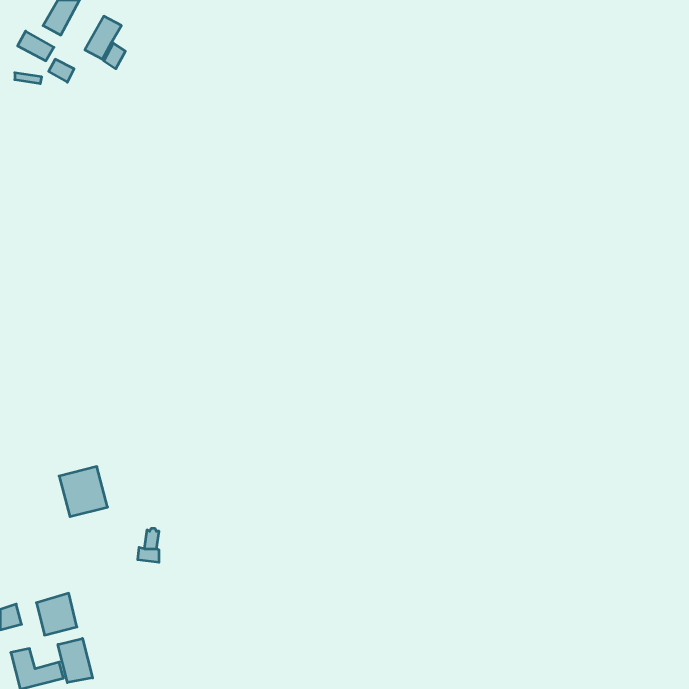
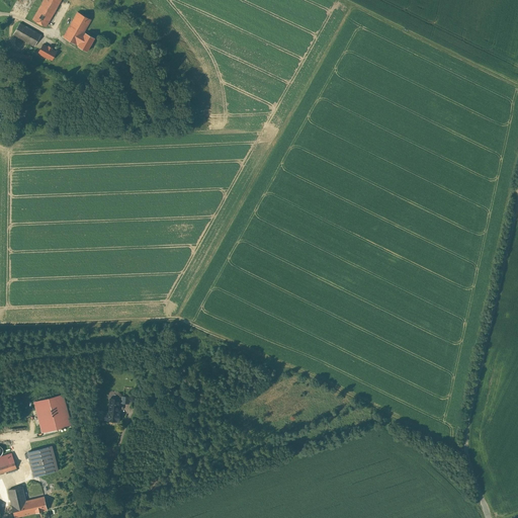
building: [59,467,108,517] -> [34,395,71,432]
building: [58,638,93,683] -> none

